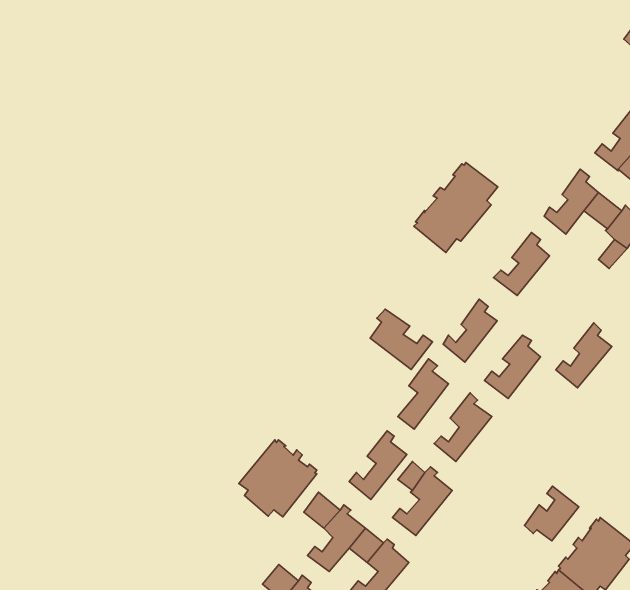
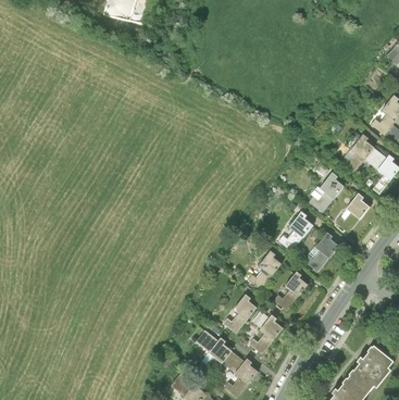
building: [414,163,498,252] -> none
building: [370,309,432,369] -> none
building: [556,323,612,388] -> [335,193,369,233]
building: [239,440,317,517] -> none
building: [524,486,579,541] -> none

